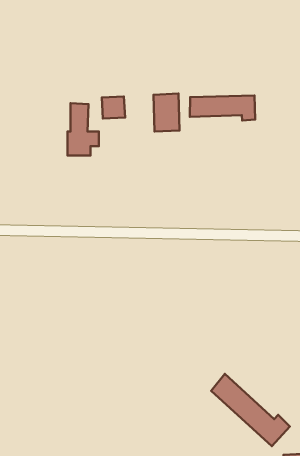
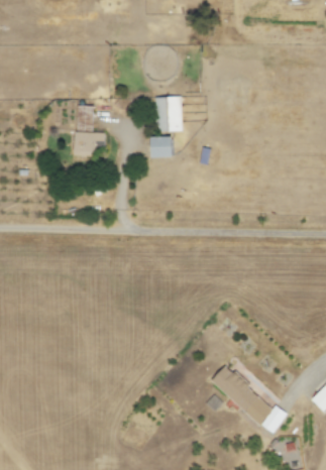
building: [190,95,255,121] -> none
building: [102,97,125,119] -> [150,135,173,156]

